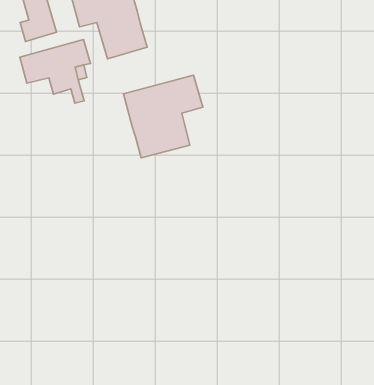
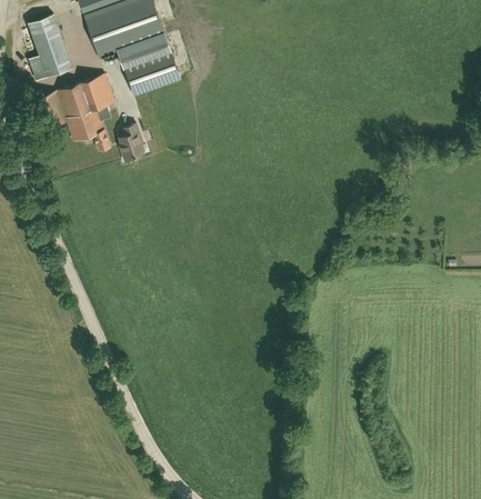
building: [123,75,203,158] -> none
building: none -> [118,123,142,162]

